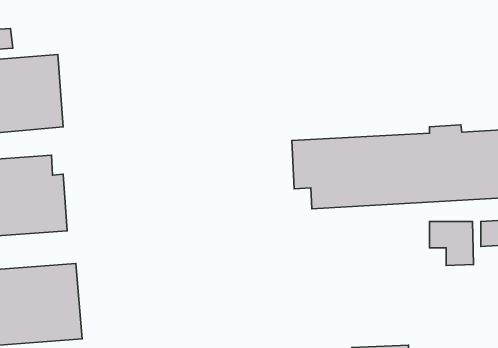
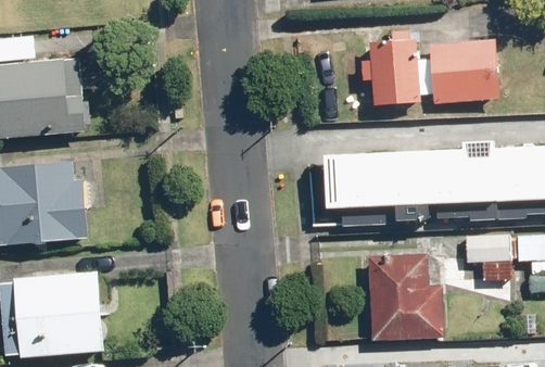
building: none -> [368,39,420,105]
building: none -> [428,39,499,106]
building: none -> [368,253,444,342]

